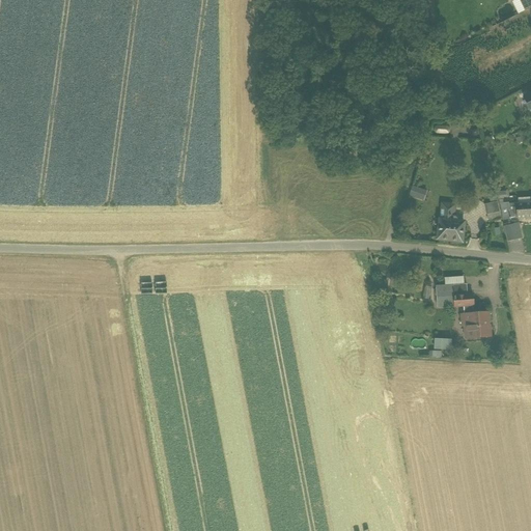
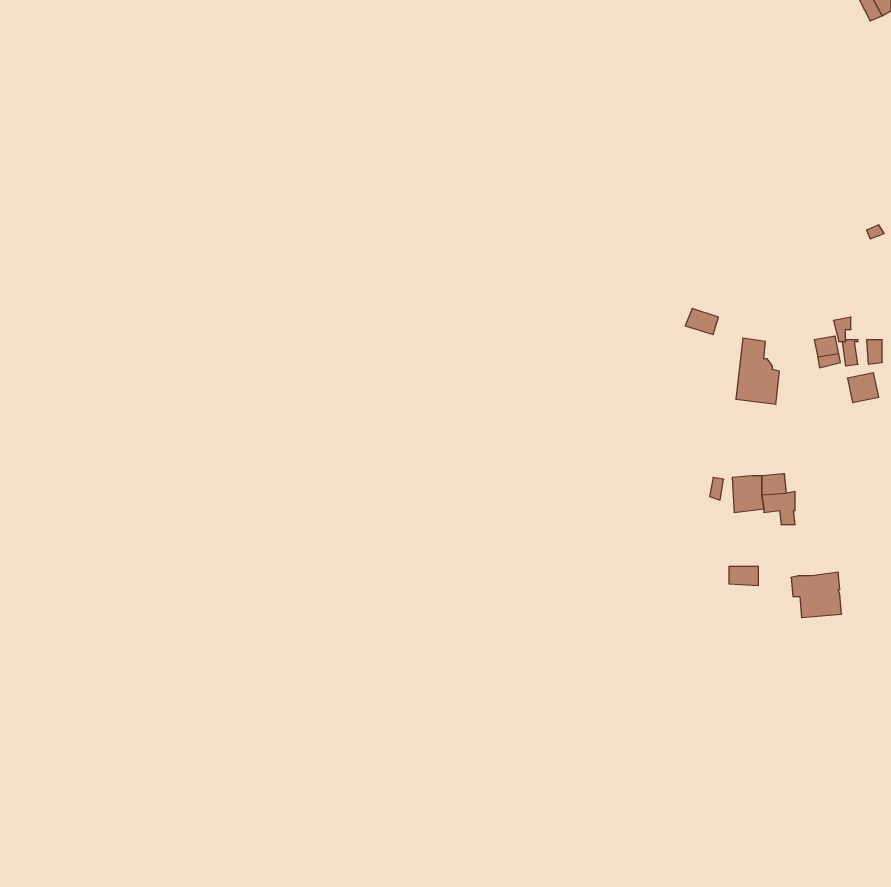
building: [460,310,491,337] -> [791,572,842,618]

